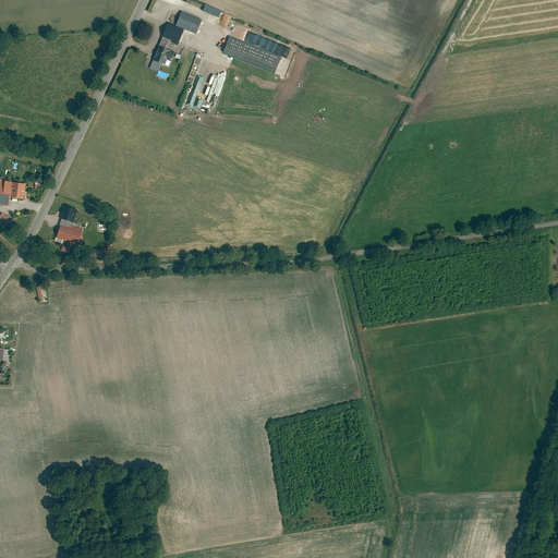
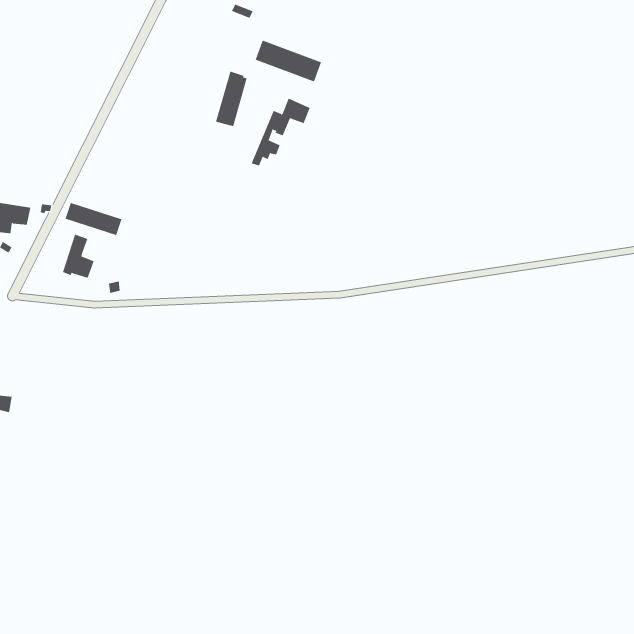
building: [149,10,202,70] -> [251,98,310,166]
building: none -> [65,202,122,236]

